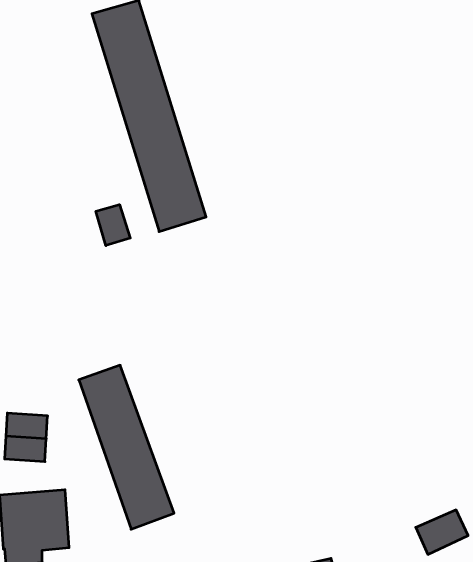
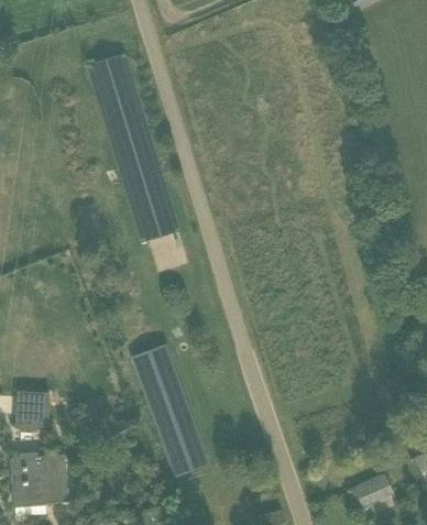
building: [96,205,130,246] -> none
building: [79,365,174,529] -> [131,344,209,479]

